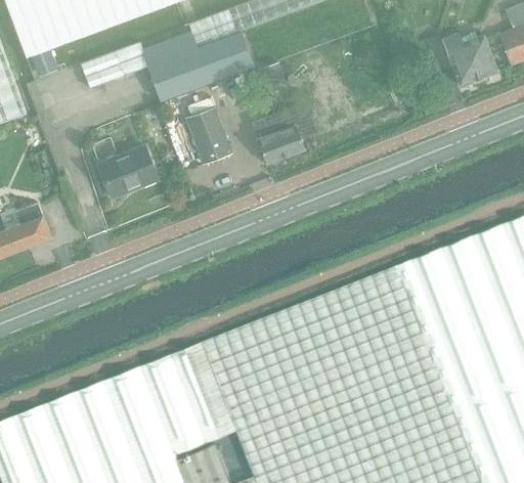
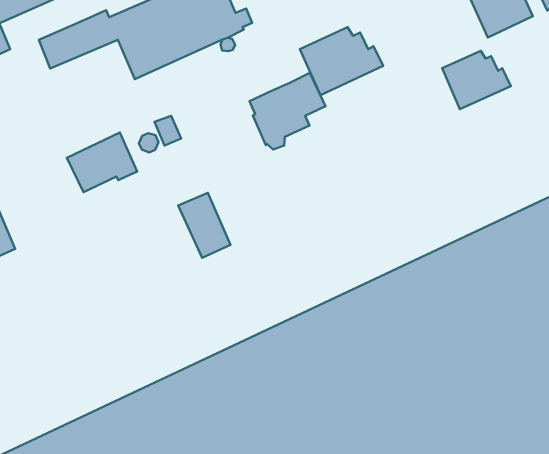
building: none -> [300,27,383,95]
building: none -> [442,51,511,109]
building: [189,108,231,163] -> [178,193,231,258]

